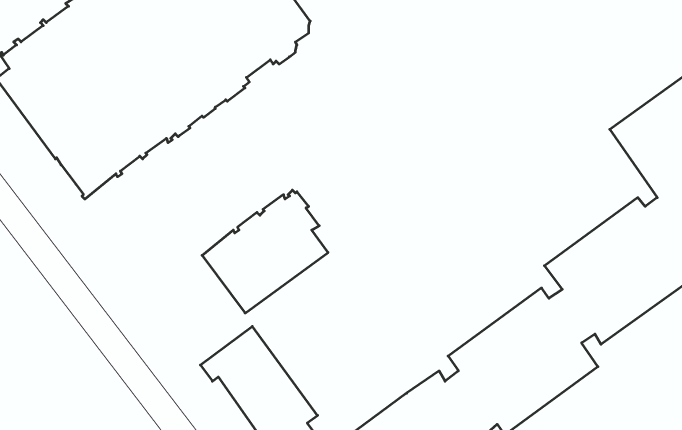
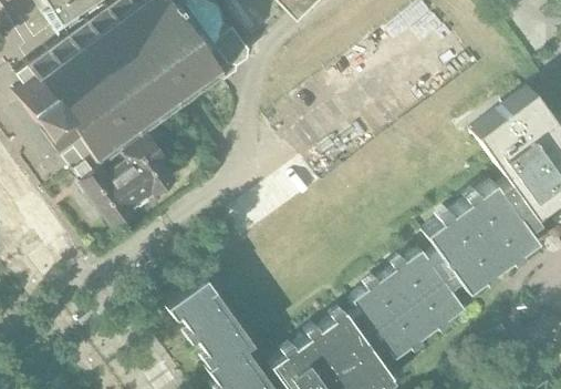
building: [202,190,328,313] -> [81,134,175,226]

